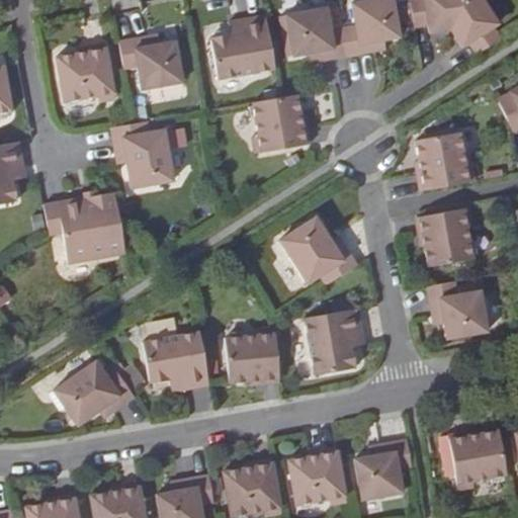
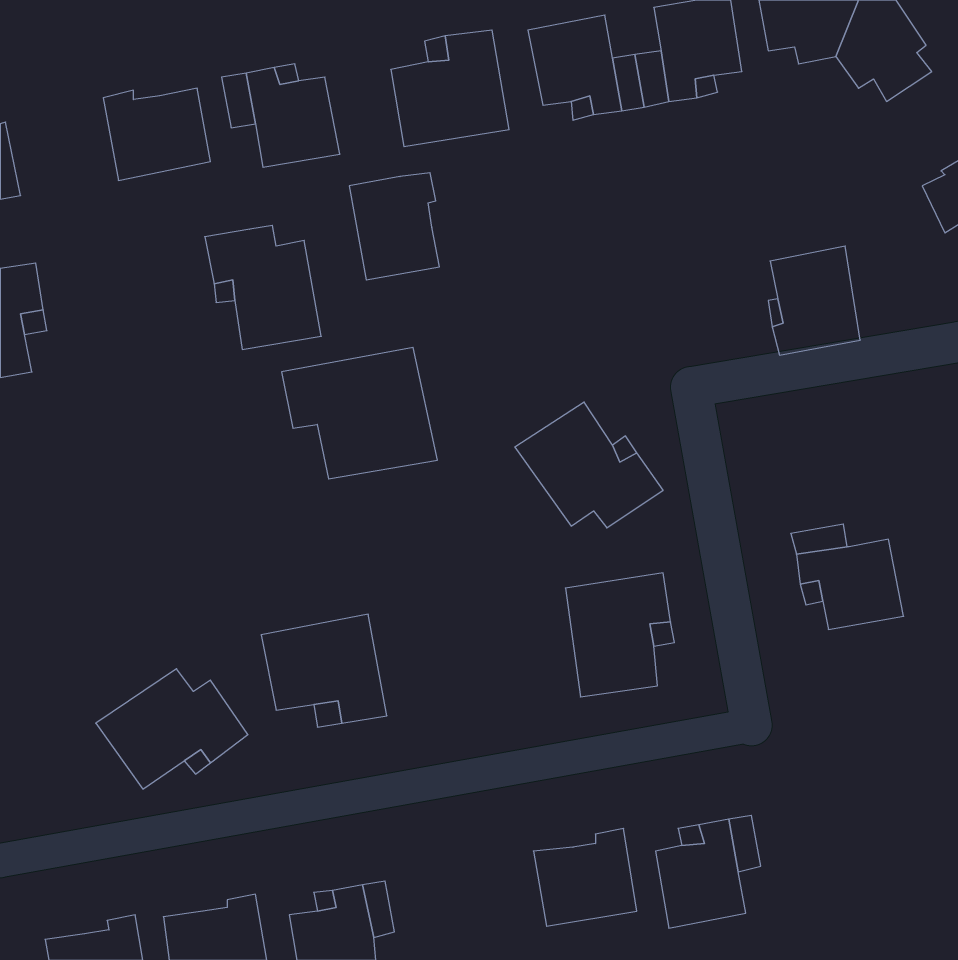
building: [253,95,301,153] -> [349,173,439,280]
building: [45,191,128,262] -> [282,347,437,479]
building: [415,210,468,267] -> none
building: [225,333,280,378] -> none
building: [448,431,506,479] -> none
building: [223,458,280,511] -> none

